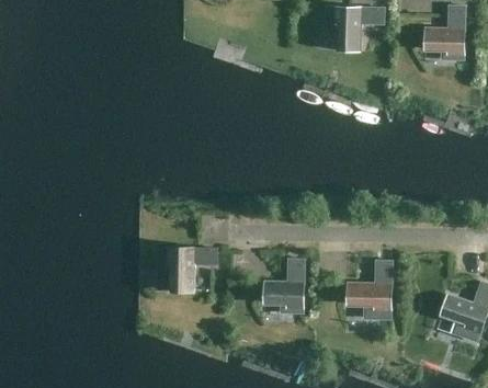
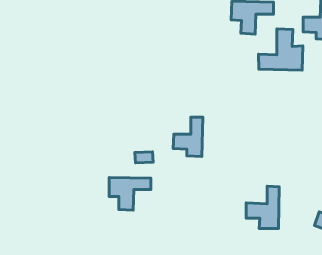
building: none -> [259,29,303,70]
building: [263,259,304,312] -> [173,117,203,156]

